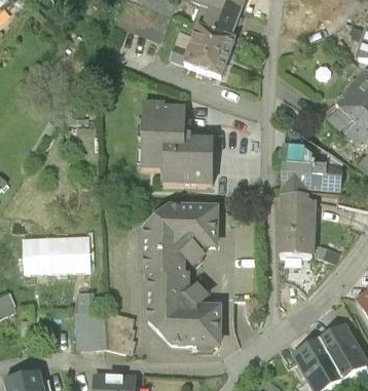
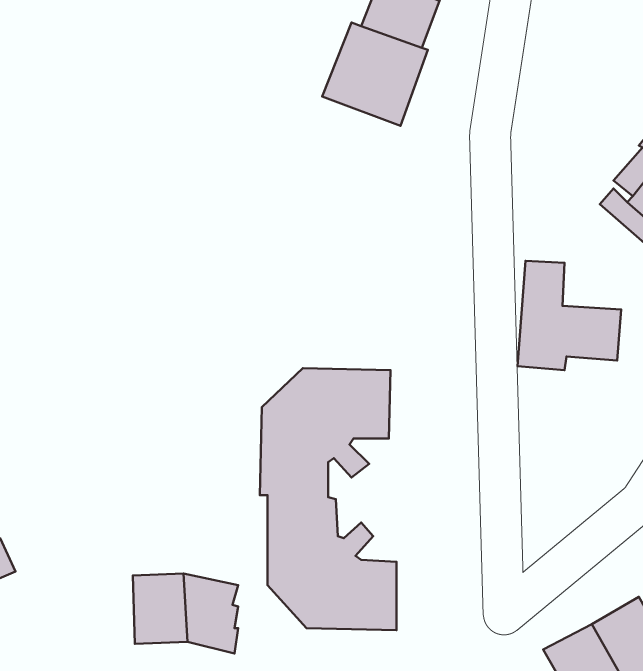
building: [142,105,215,186] -> none
building: [277,204,315,263] -> none
building: [26,234,96,278] -> none

